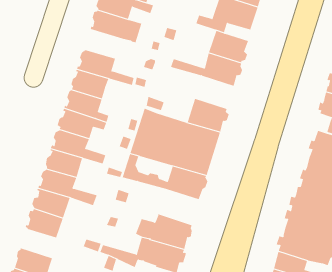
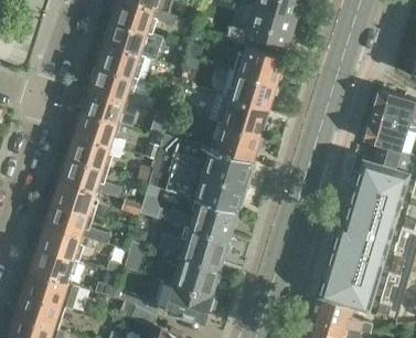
building: none -> [96,44,151,81]
building: none -> [223,97,268,135]
building: none -> [158,226,230,267]
building: none -> [24,272,81,309]

